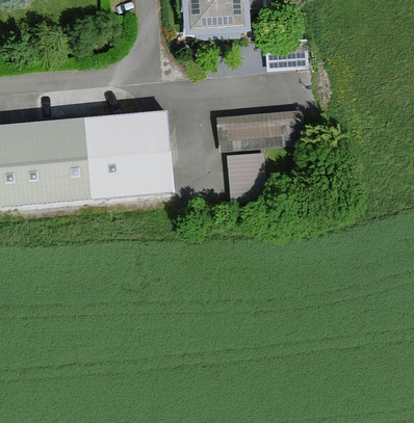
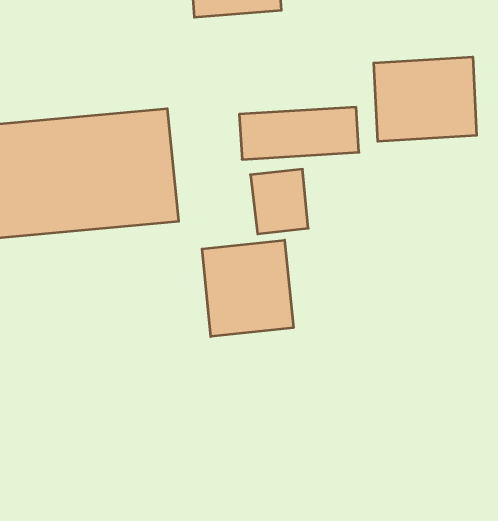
building: none -> [374,57,477,141]
building: none -> [202,240,293,337]

